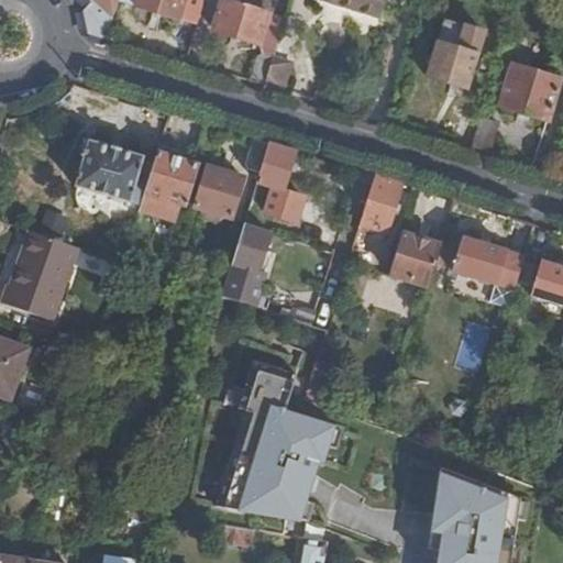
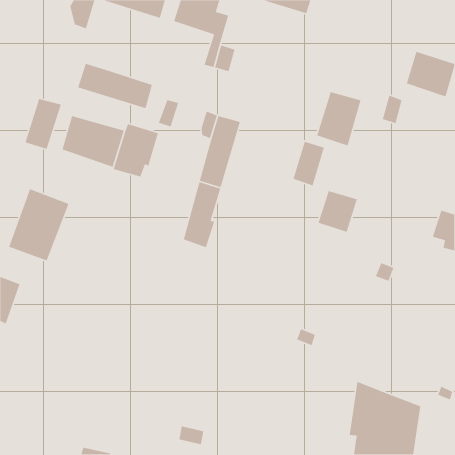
building: [428,20,484,88] -> [316,91,362,146]
building: none -> [77,63,153,109]
building: none -> [25,98,62,150]
building: [196,166,244,220] -> none
building: [455,234,525,305] -> none
building: [212,361,333,525] -> none

